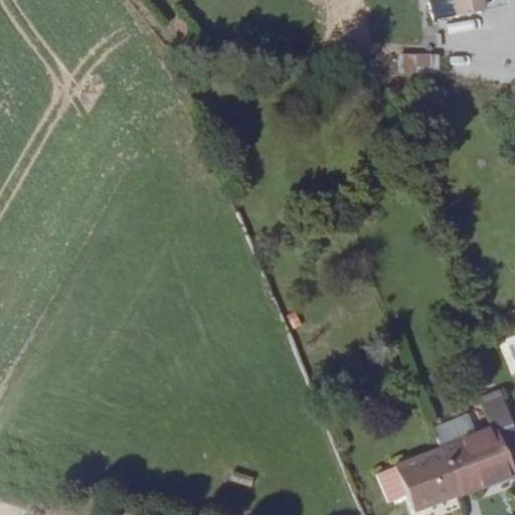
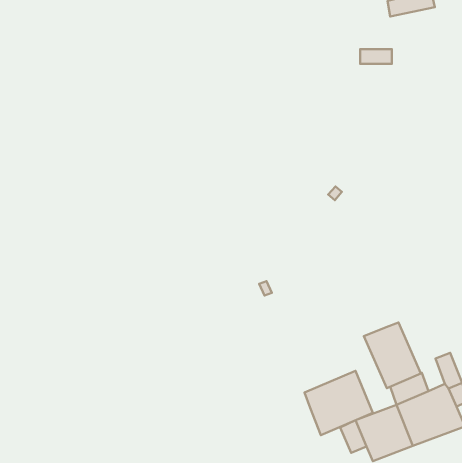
building: none -> [364,323,421,388]
building: none -> [304,371,373,435]

